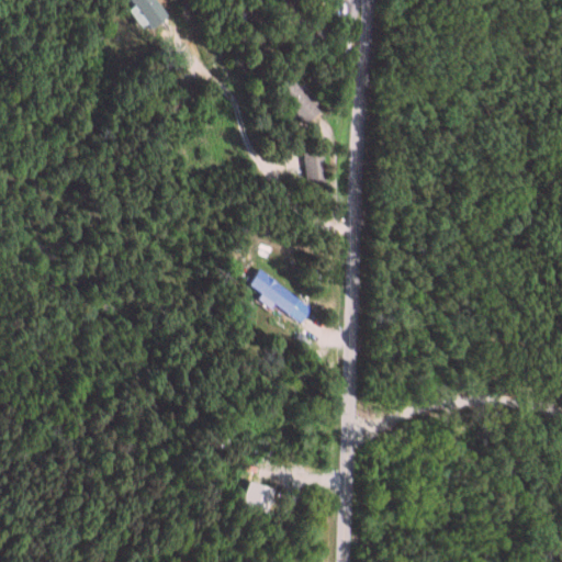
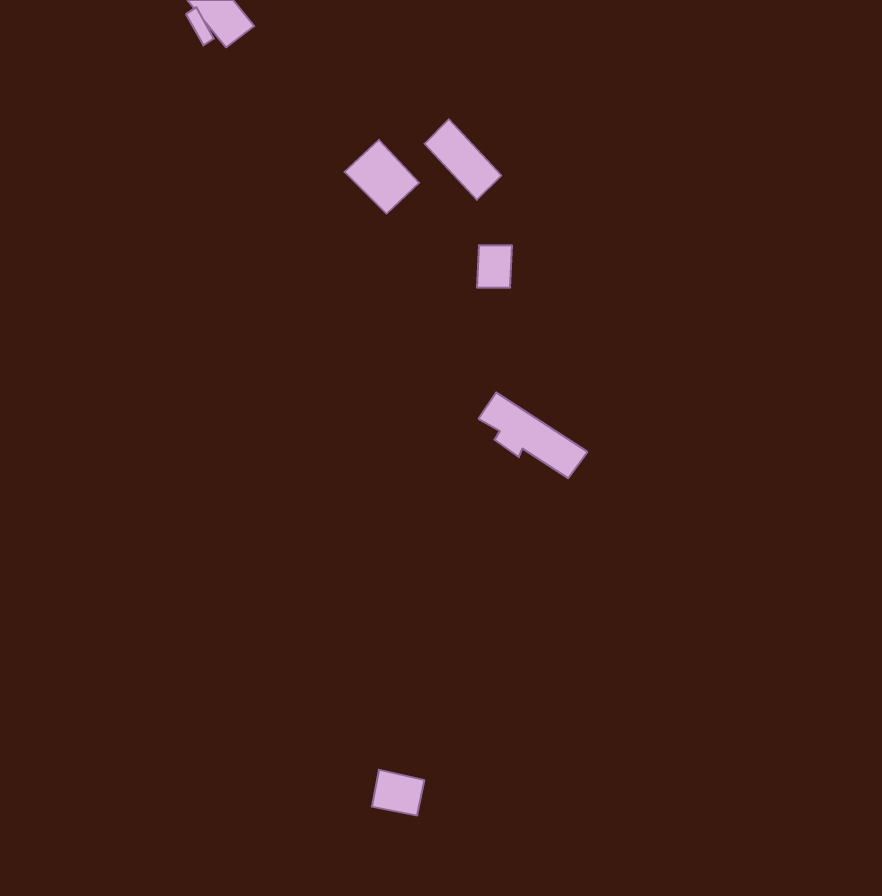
building: none -> [344,140,419,214]
building: [247,269,315,323] -> [479,392,587,478]

